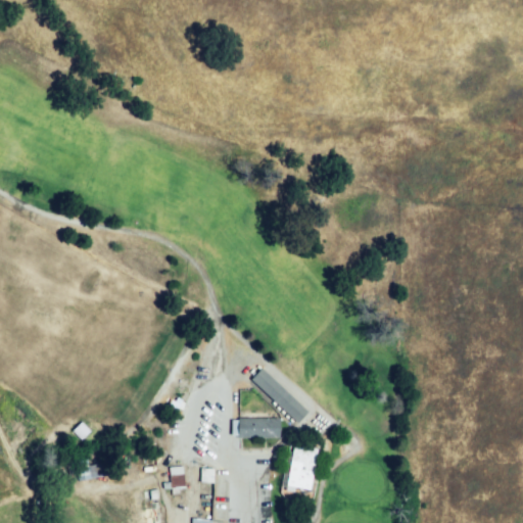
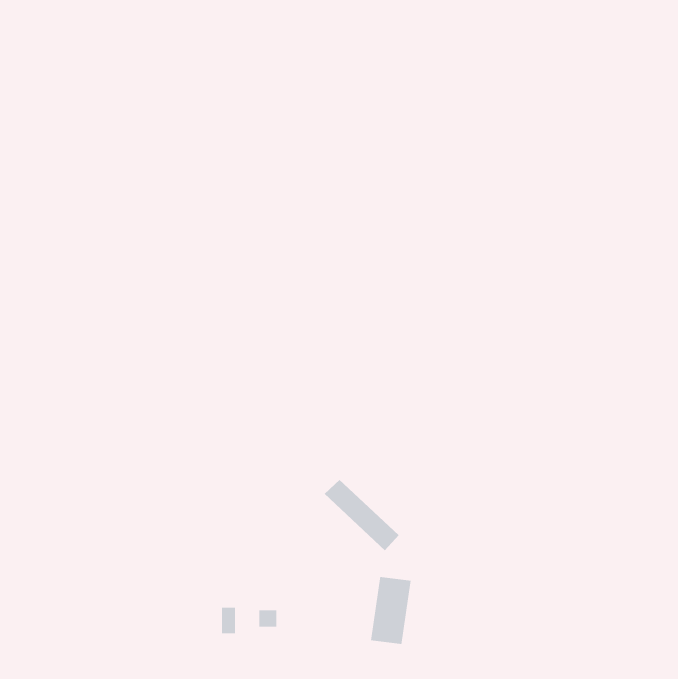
building: [240,418,279,436] -> none

